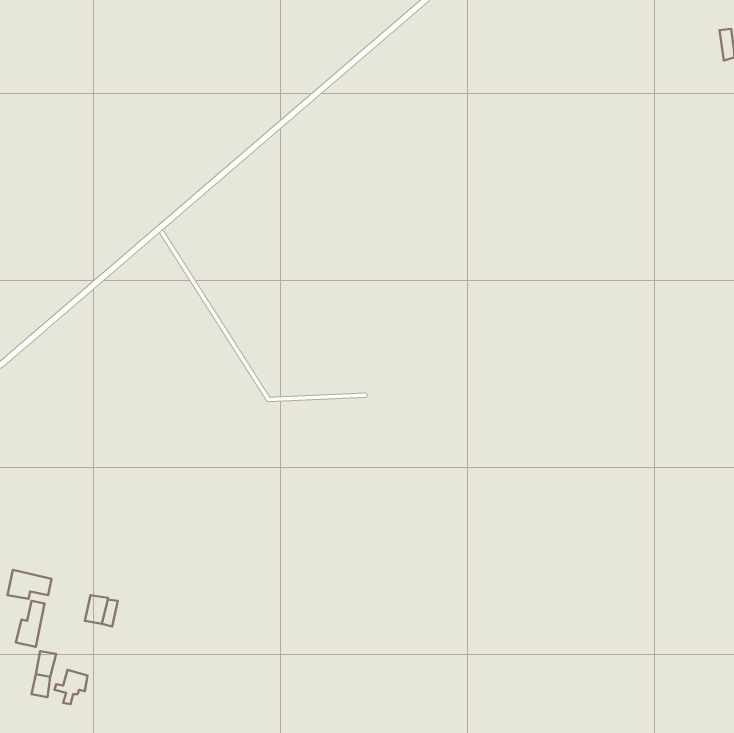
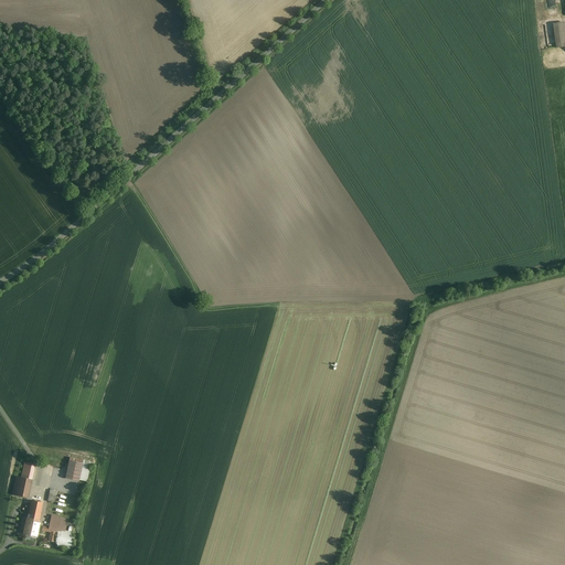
building: [8,570,52,599] -> none

